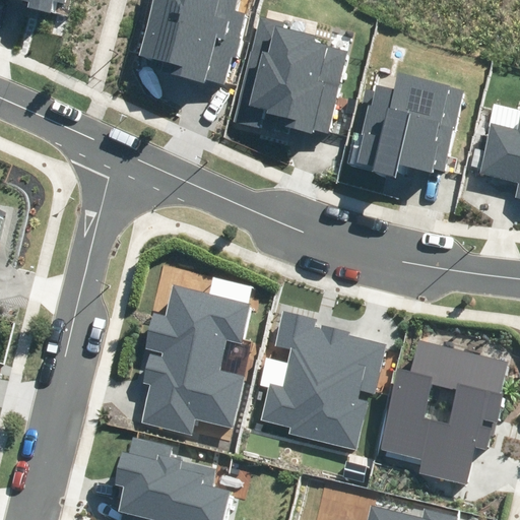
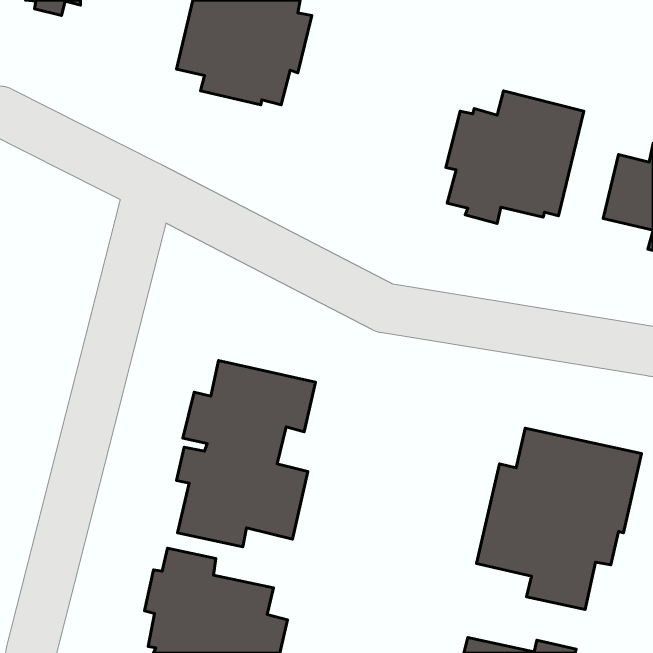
building: [234,17,347,134] -> none
building: [260,311,388,450] -> none

